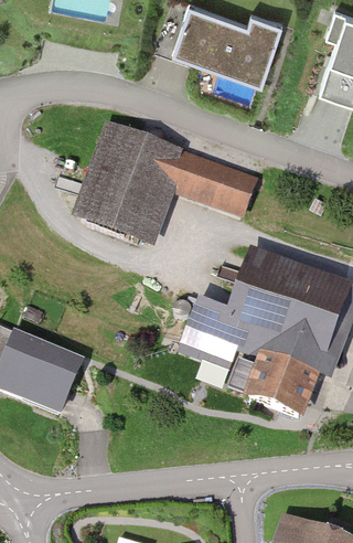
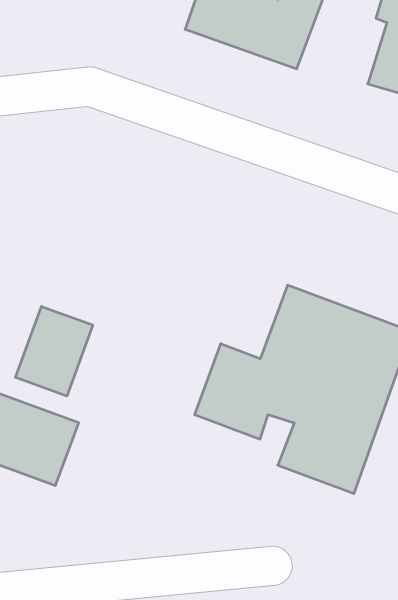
building: [74,124,259,246] -> none
building: none -> [16,306,93,396]

